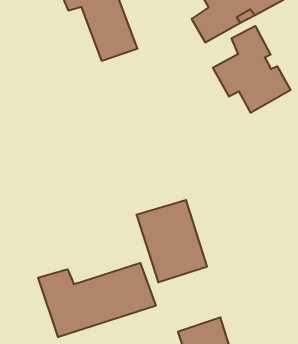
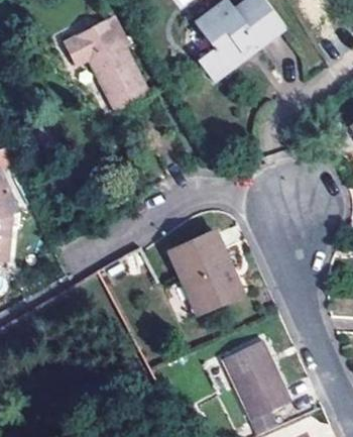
building: [213,26,290,113] -> none
building: [38,263,156,337] -> none

